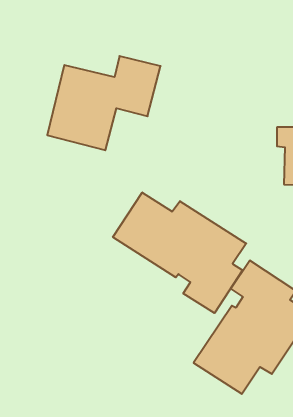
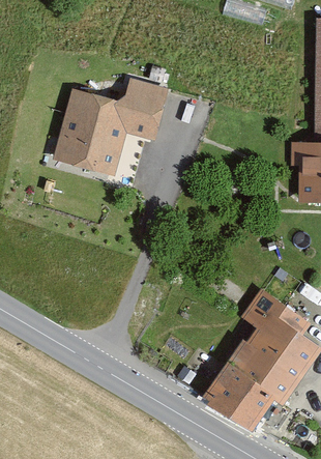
building: [113,192,246,313] -> none

